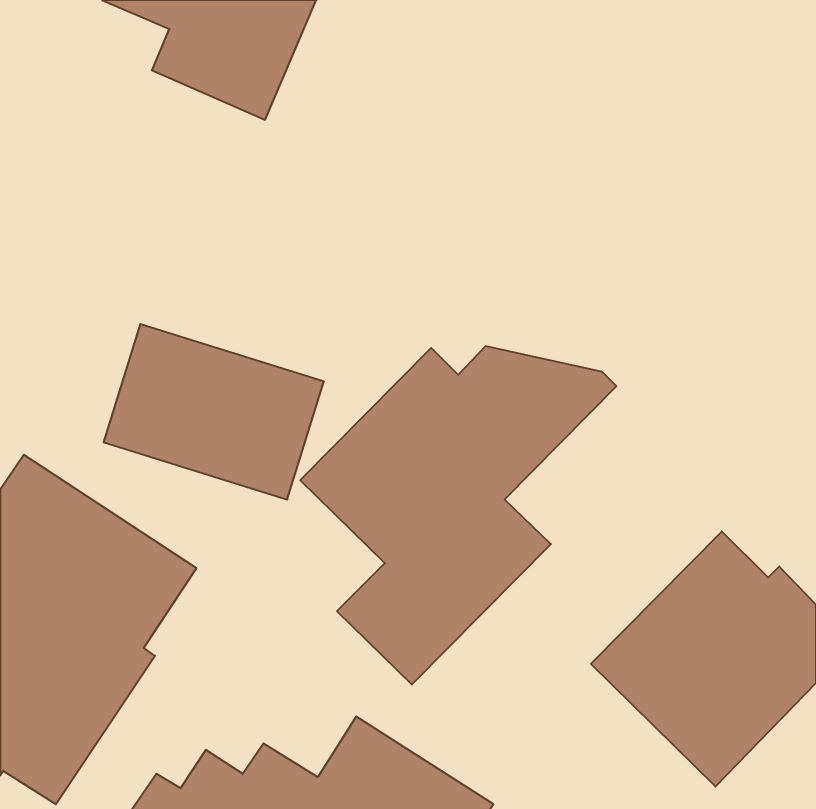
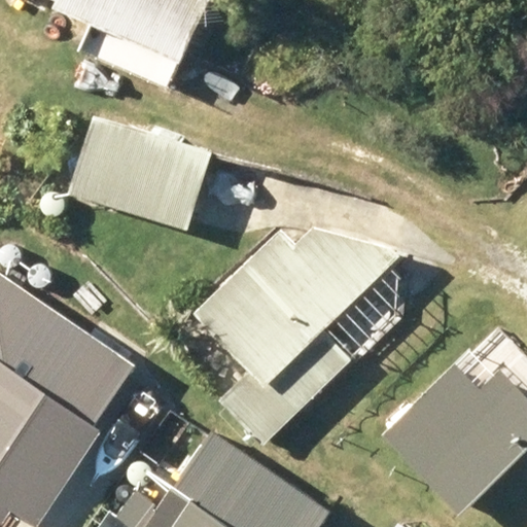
building: [104,324,324,500] -> [68,114,210,227]

